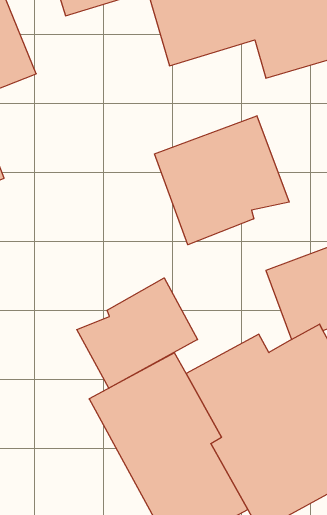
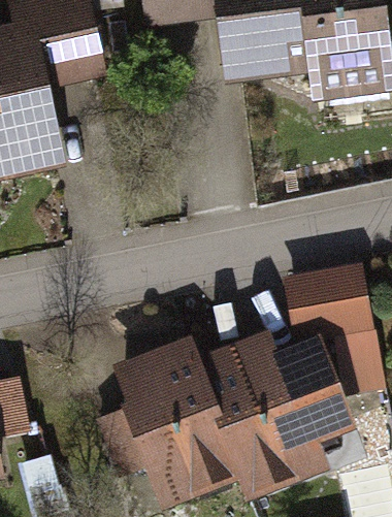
building: [155,116,289,245] -> none
building: [77,278,198,388] -> none

